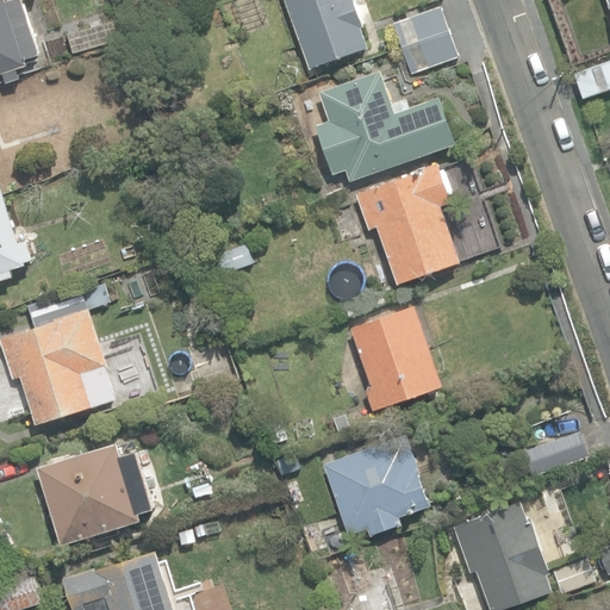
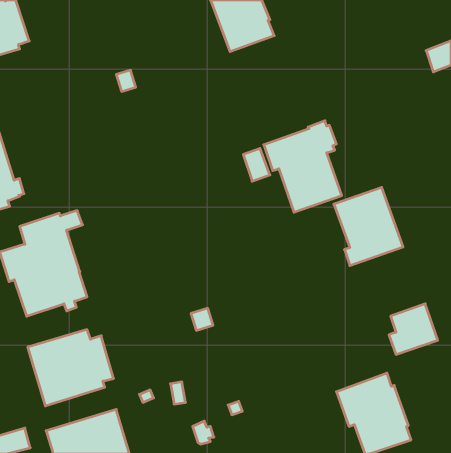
building: [391,6,458,75] -> none
building: [310,69,454,182] -> none
building: [348,307,441,412] -> [334,187,403,266]
building: [322,435,430,536] -> none

